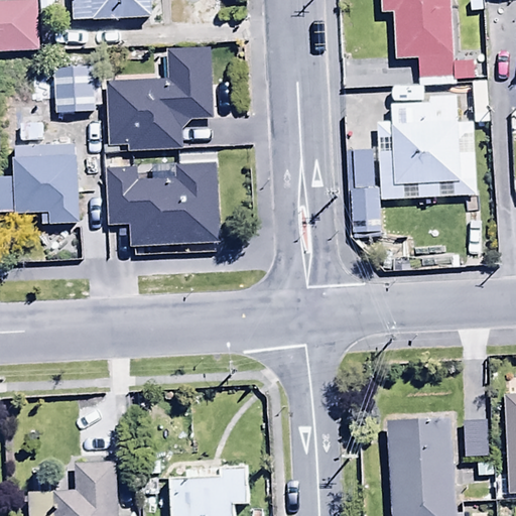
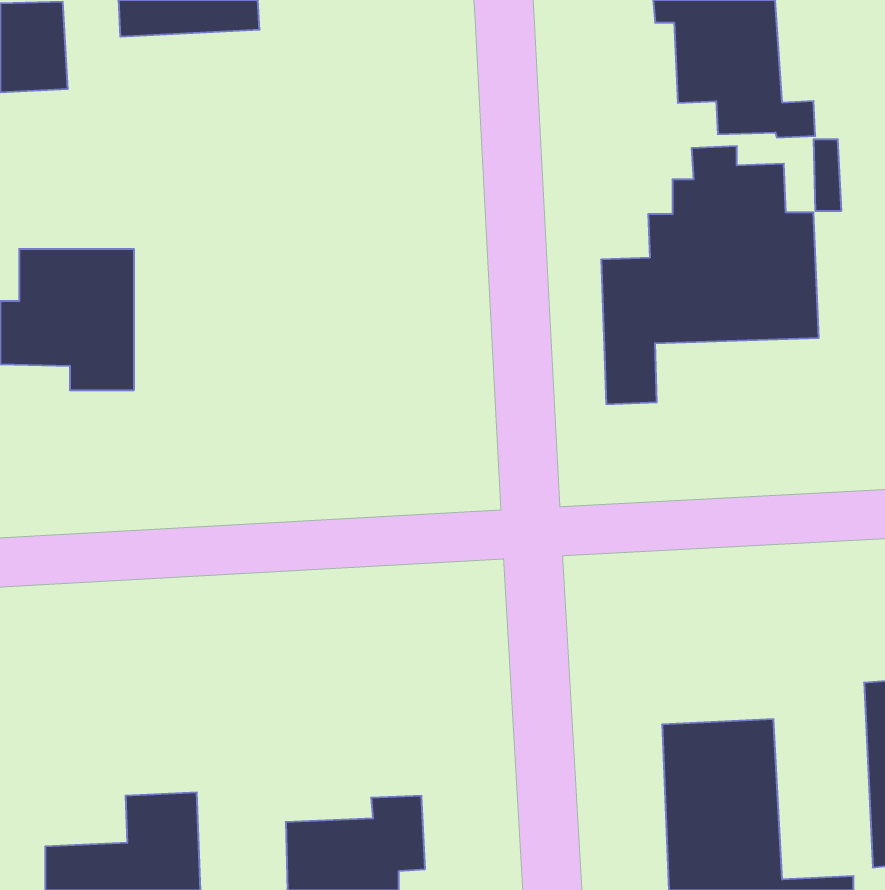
building: [106,43,215,152] -> none
building: [53,59,99,114] -> none
building: [104,160,222,246] -> none

